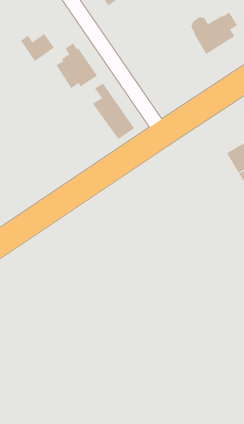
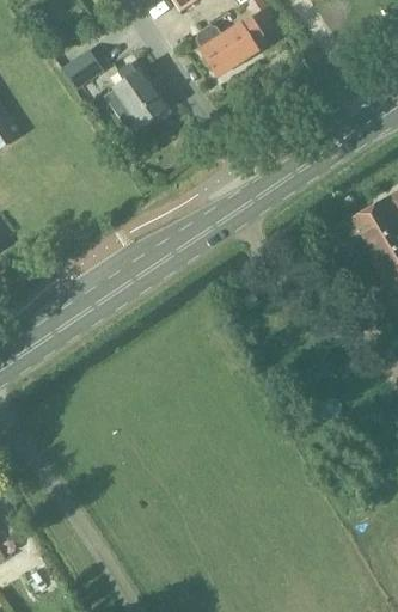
building: [190,12,238,55] -> [196,18,263,79]
building: [92,83,135,140] -> none

